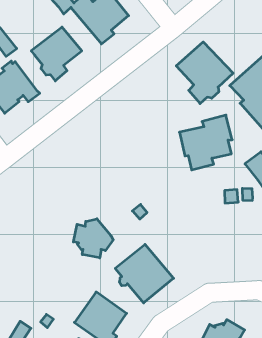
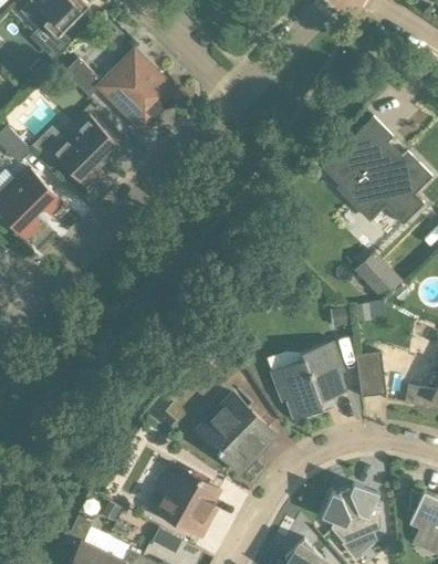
building: [176,42,233,104] -> none
building: [179,115,232,170] -> [271,341,344,419]
building: [73,219,113,258] -> none
building: none -> [355,352,386,397]

